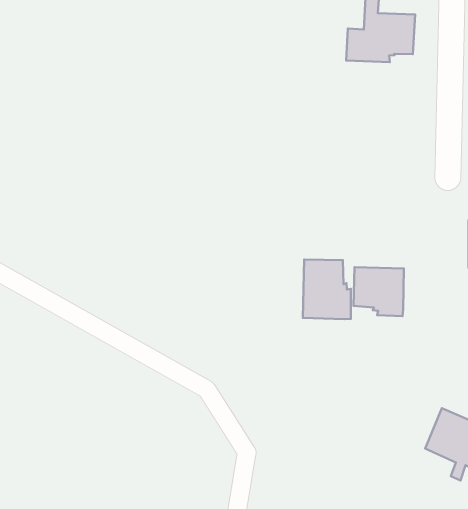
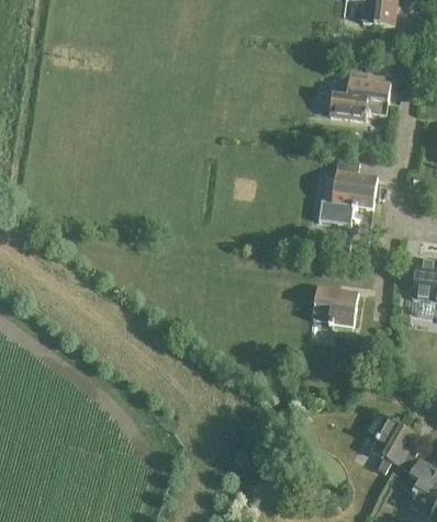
building: none -> [329,159,378,223]
building: [303,259,351,319] -> none

